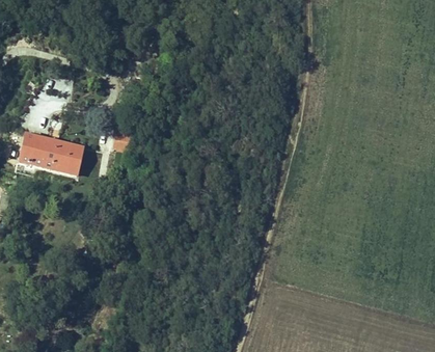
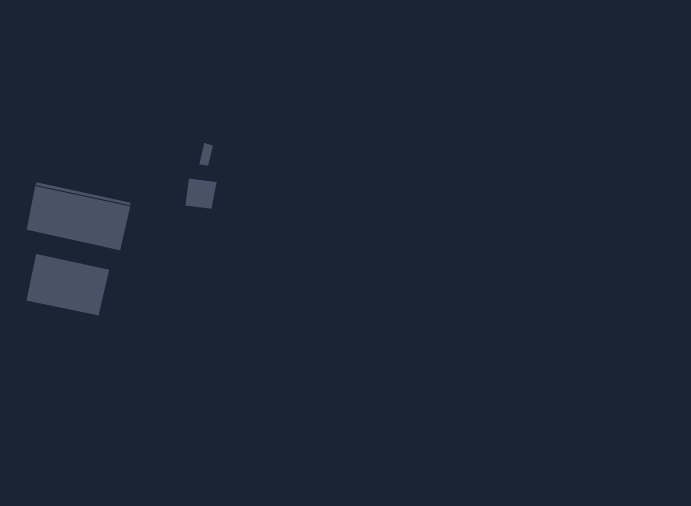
building: none -> [26,253,110,316]

